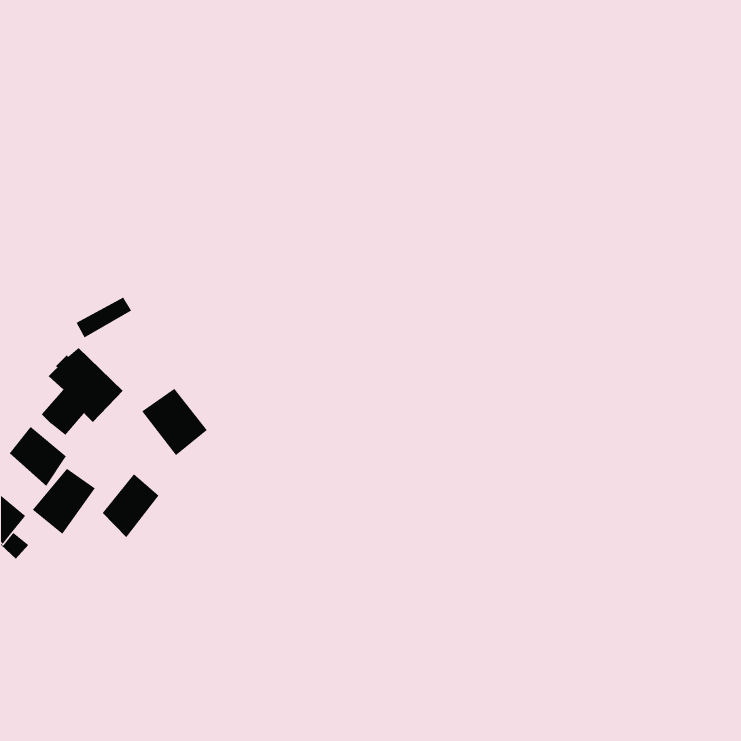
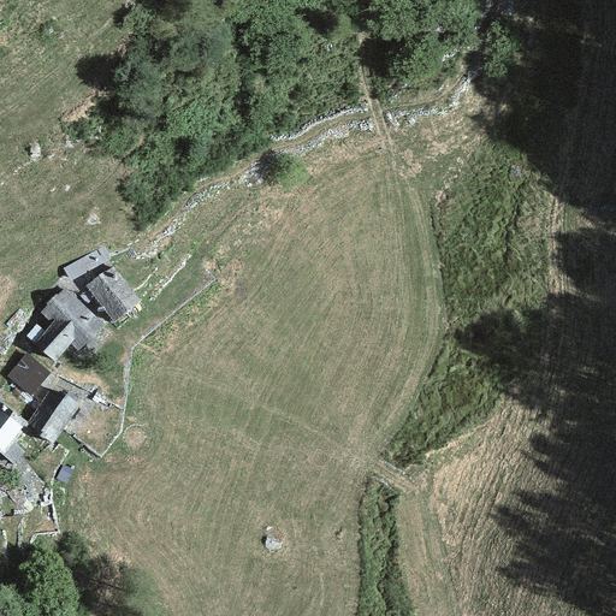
building: [141,388,208,456] -> [85,266,141,322]
building: [102,473,160,538] -> none

